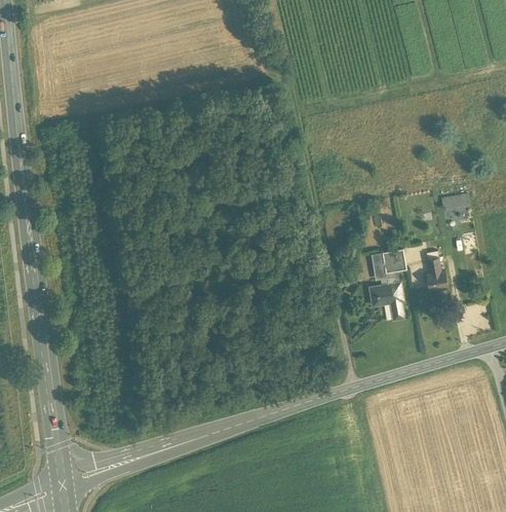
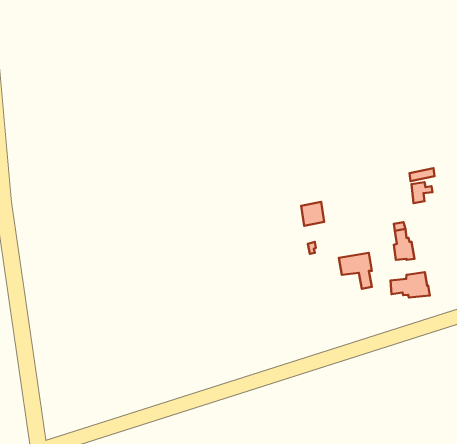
building: [381,248,404,272] -> [301,202,324,226]
building: none -> [390,272,430,297]

